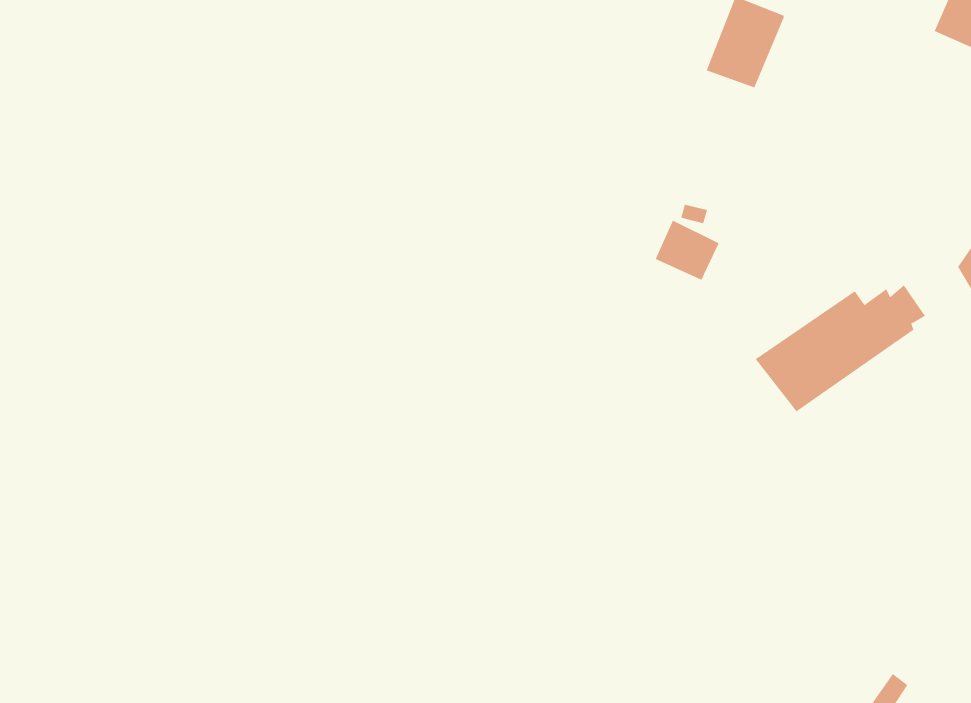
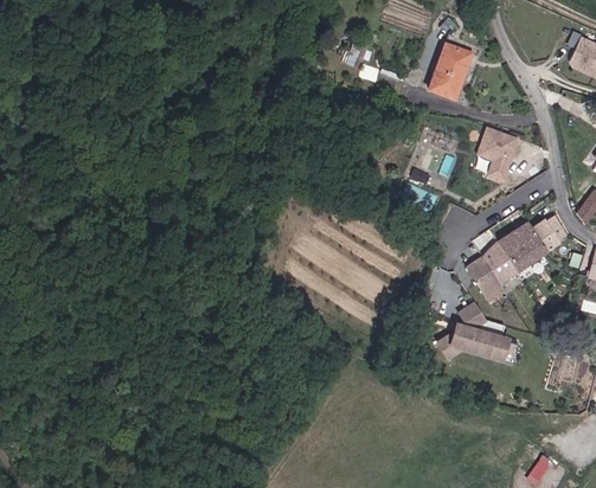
building: none -> [475,126,520,184]
building: none -> [435,301,512,365]

